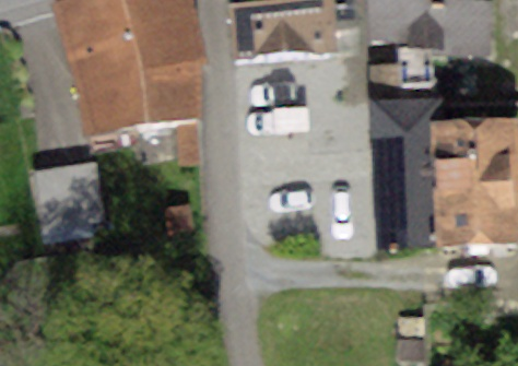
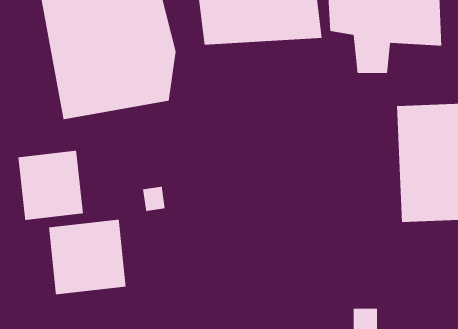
building: [372,63,449,246] -> none
building: none -> [48,219,126,295]

